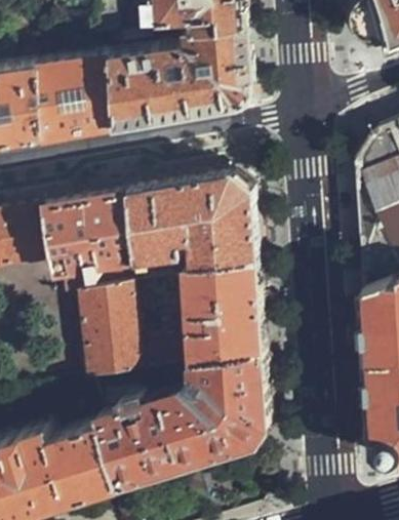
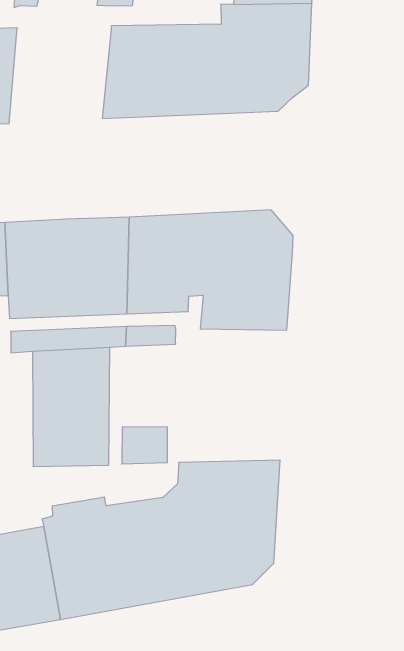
building: [36,57,106,137] -> none
building: [188,261,266,366] -> none

